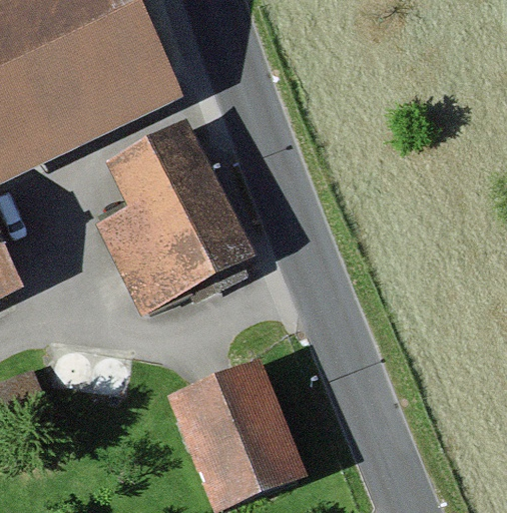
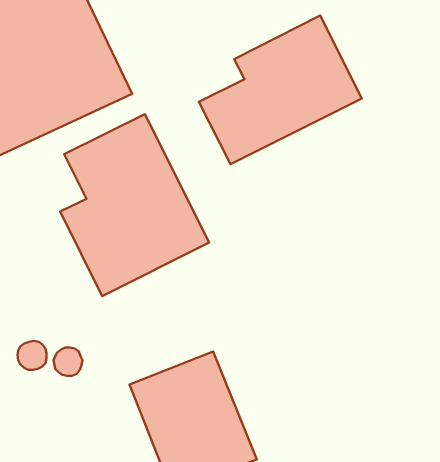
building: none -> [199,16,362,164]

